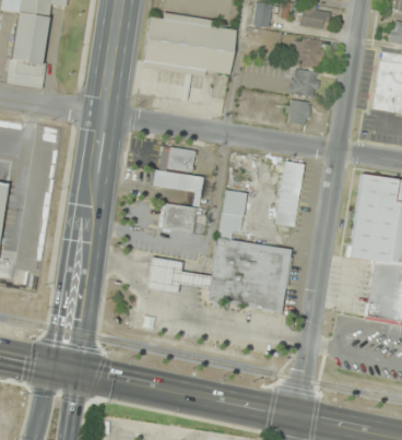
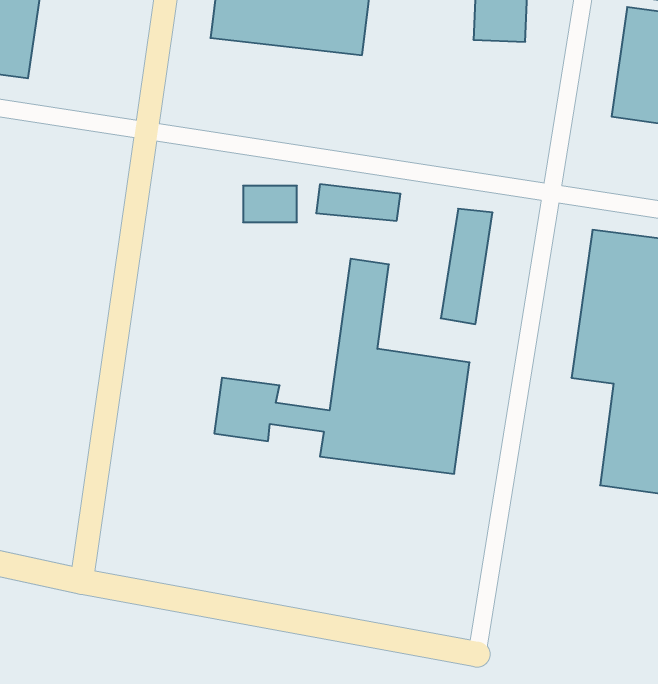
building: [291,69,320,97] -> none
building: [288,99,311,126] -> none
building: [153,170,201,191] -> [316,184,401,221]
building: [162,204,196,233] -> none

